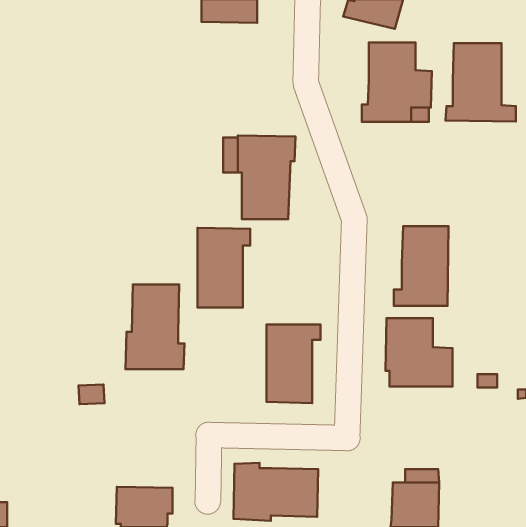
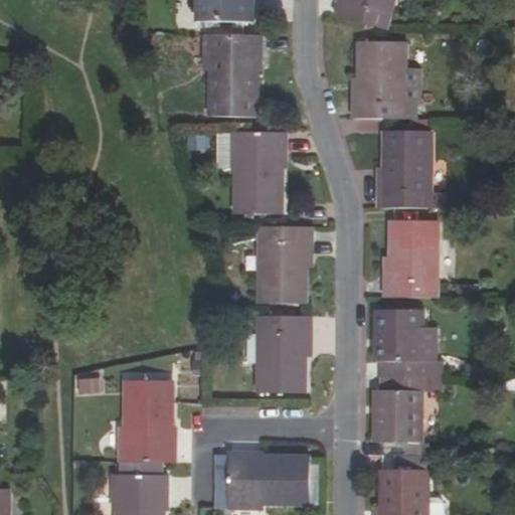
building: none -> [203,34,262,117]
building: [446,43,516,122] -> [376,132,445,208]
building: [198,228,250,308] -> [261,225,312,303]
building: [126,284,184,369] -> [119,380,176,463]
building: none -> [374,376,432,442]

